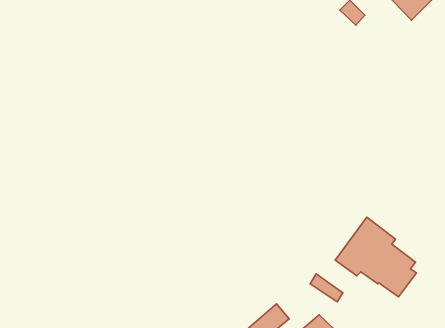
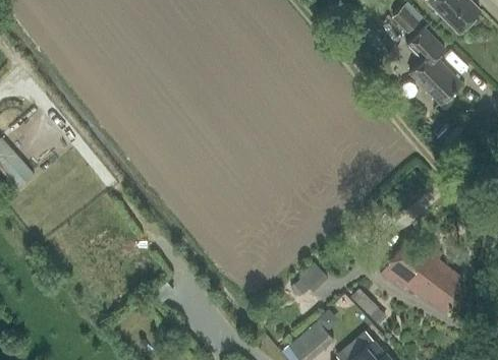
building: none -> [406,29,461,105]
building: none -> [293,263,327,294]

